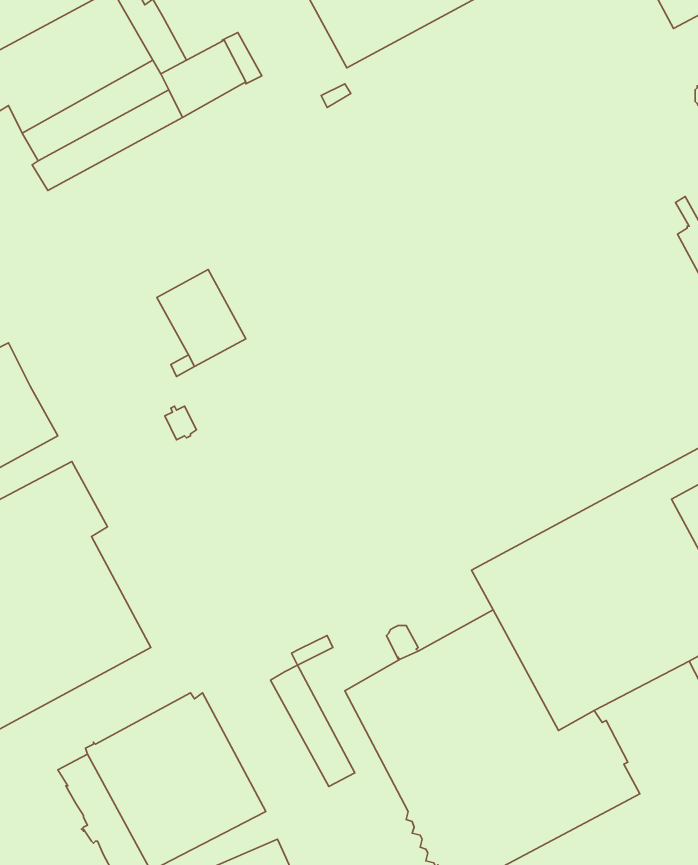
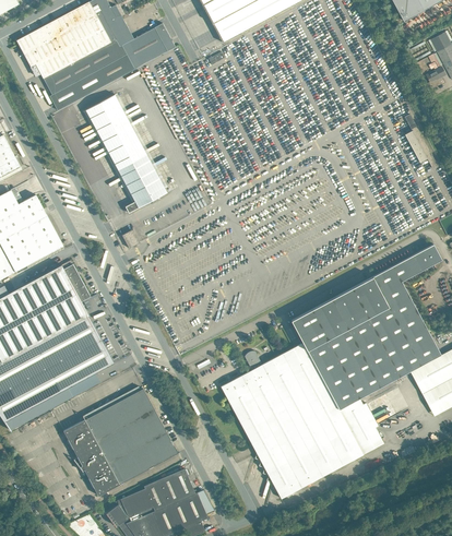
building: none -> [86,95,146,170]
building: [270,665,355,786] -> none

